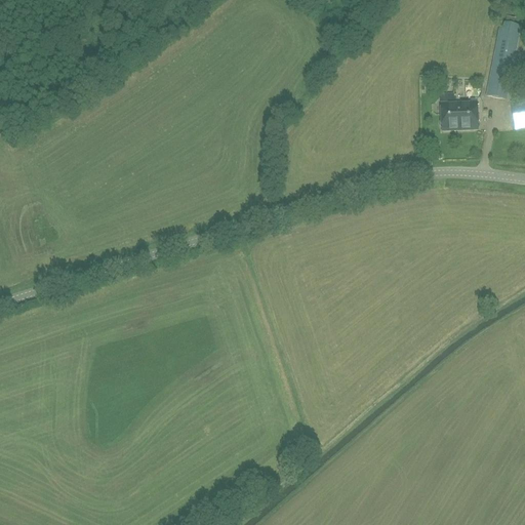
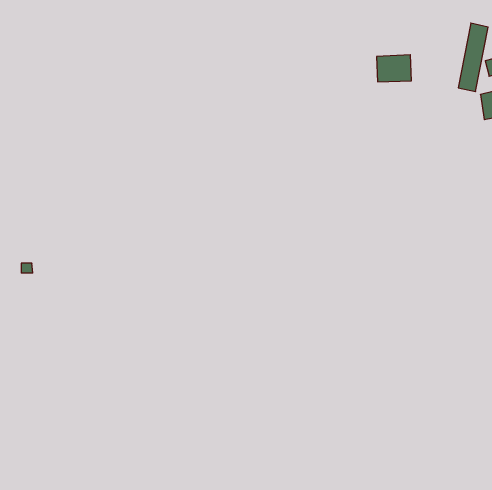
building: [442,99,479,128] -> [377,55,411,82]

